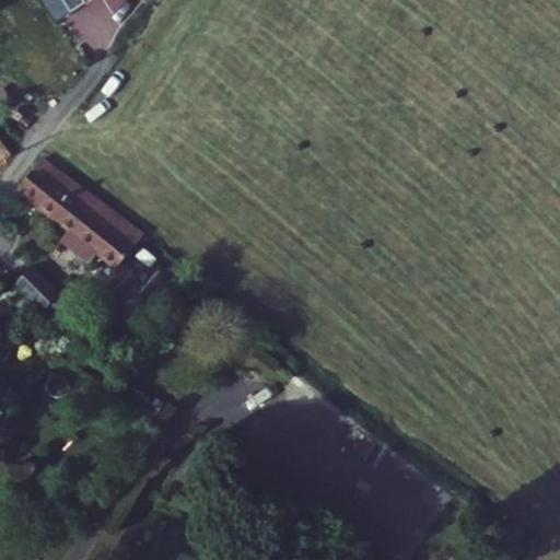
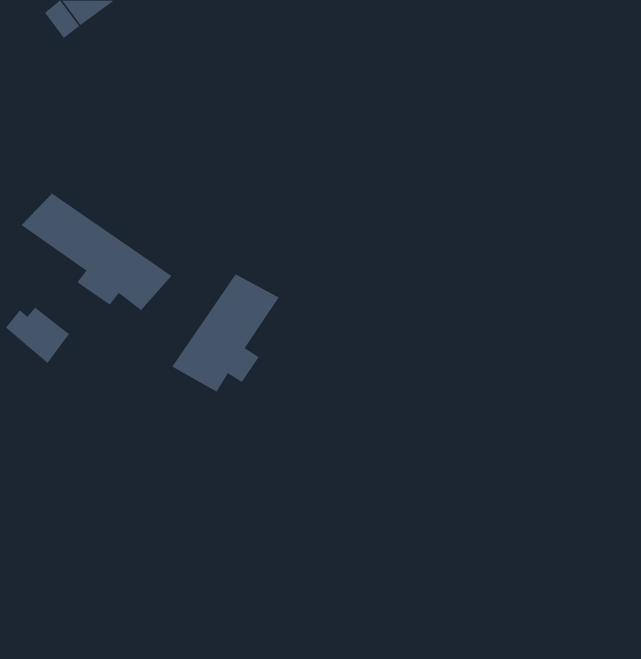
building: none -> [171,274,280,393]

